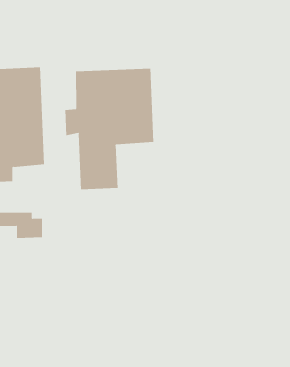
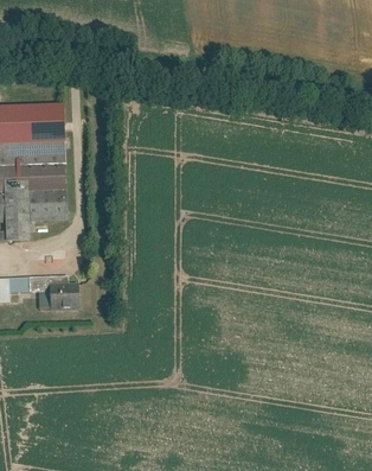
building: [65,68,154,190] -> none

